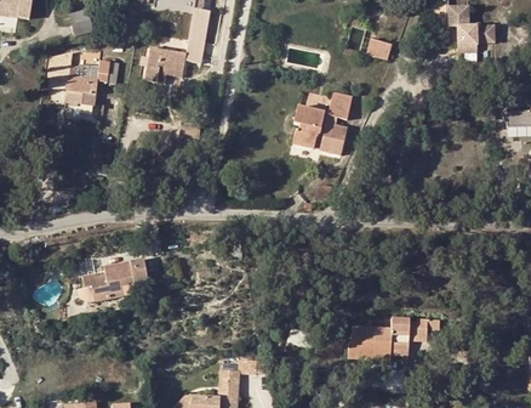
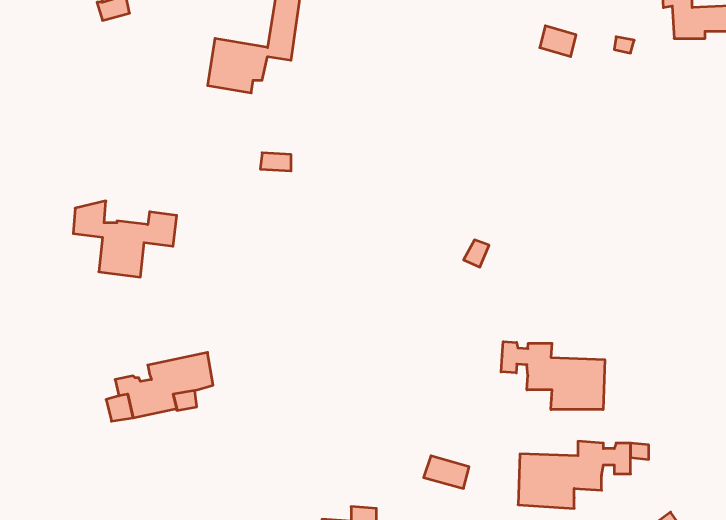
building: [48,52,118,103] -> [73,201,177,277]
building: [291,93,352,154] -> none
building: none -> [501,342,605,410]

